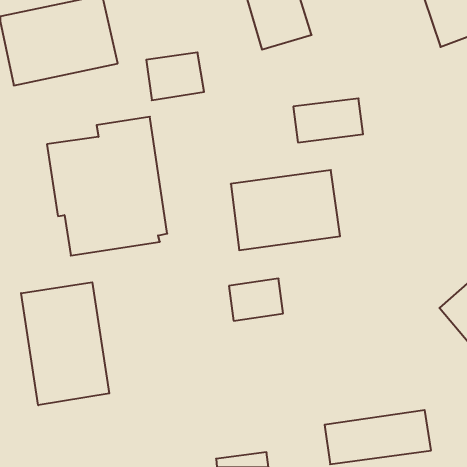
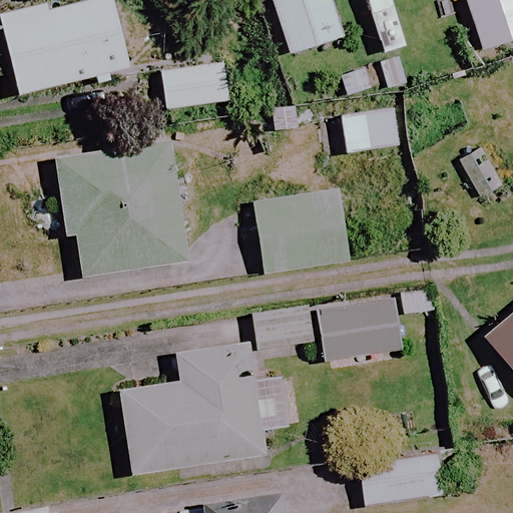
building: none -> [317,300,397,360]
building: [21,282,109,405] -> none
building: none -> [118,344,297,474]

